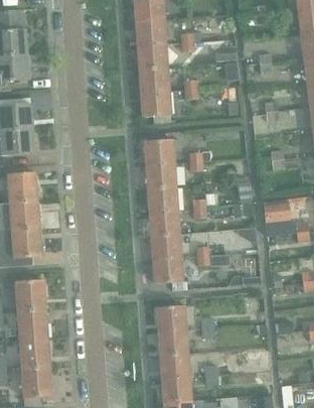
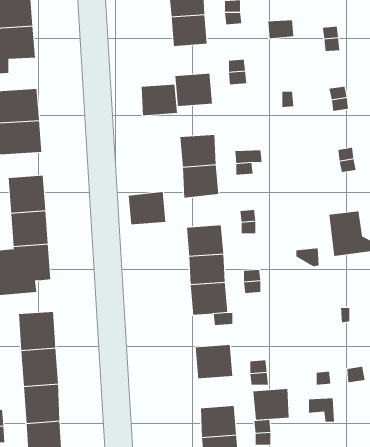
building: [140,67,169,93] -> [141,84,178,116]
building: [148,186,178,213] -> [128,192,166,225]
building: [159,330,188,356] -> [253,388,290,420]

